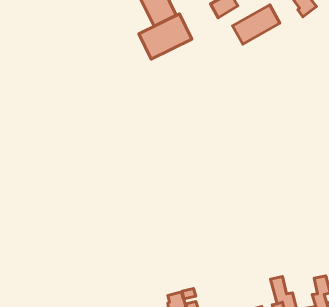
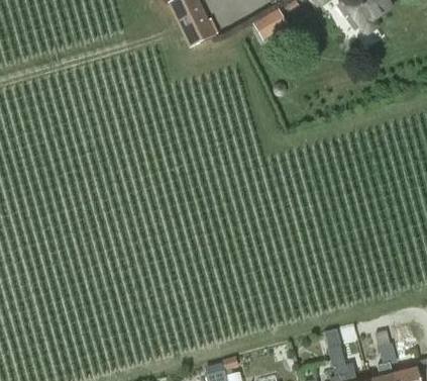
building: [232,5,280,44] -> none
building: [139,14,192,59] -> none

